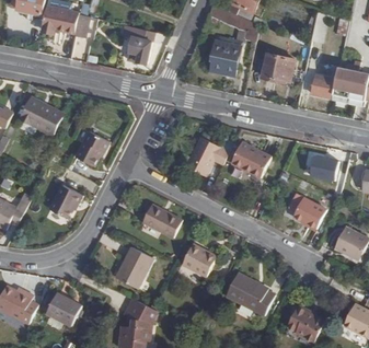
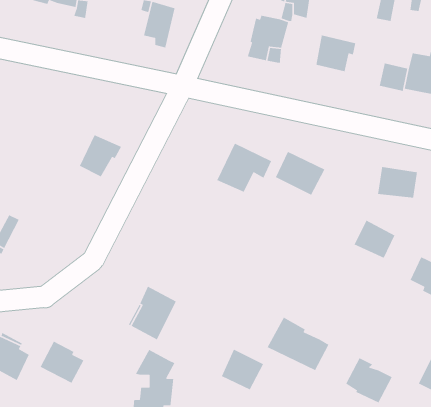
building: [20,97,62,134] -> none
building: [49,183,82,217] -> none
building: [140,204,180,237] -> none
building: [181,243,215,276] -> [221,348,264,390]

